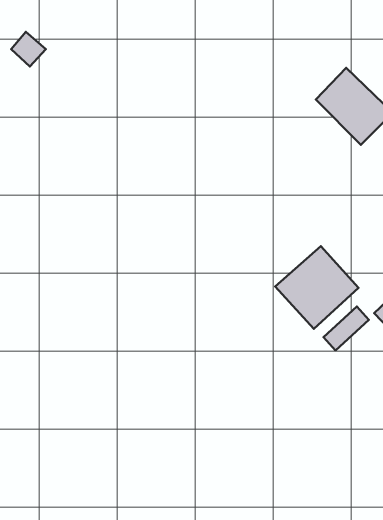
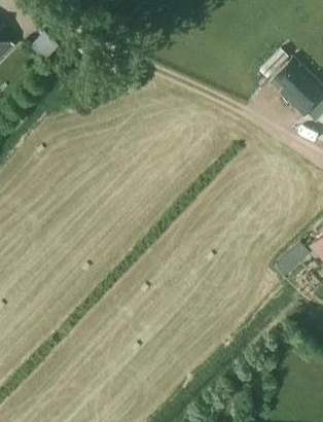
building: [275,246,358,329] -> none

